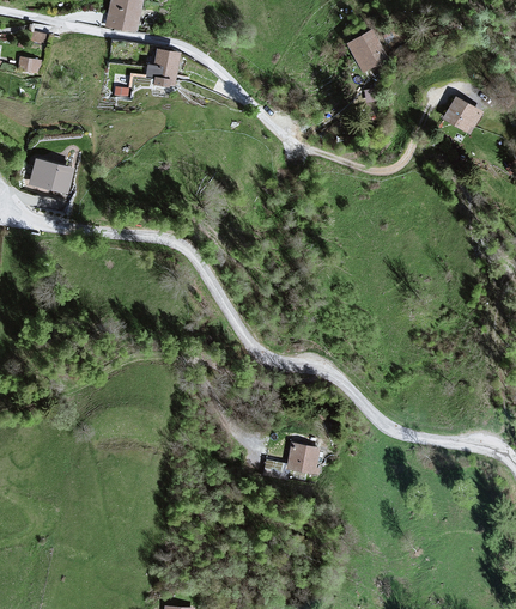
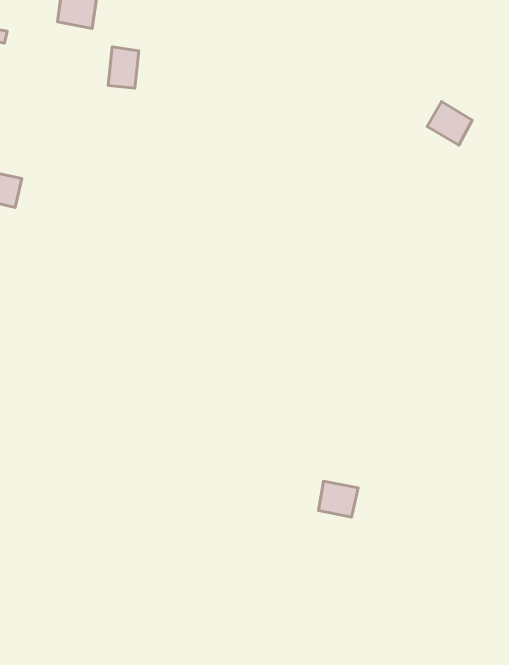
building: [346,30,387,73] -> none
building: [286,439,322,471] -> [318,481,358,517]

